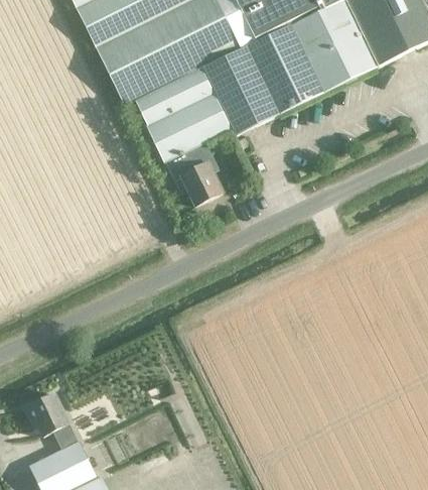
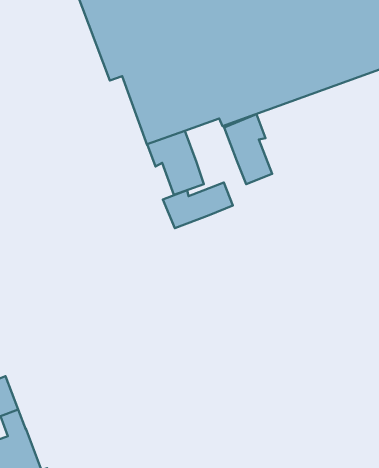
building: none -> [224,114,272,184]
building: none -> [163,182,233,228]

